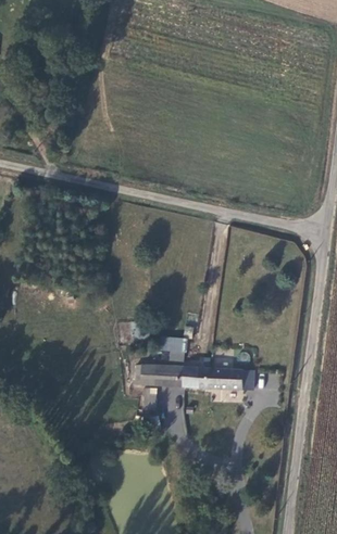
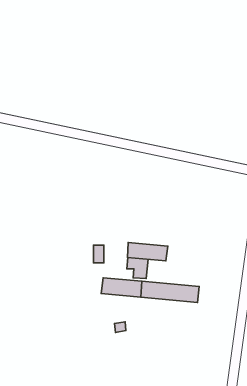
building: none -> [127,243,168,261]

